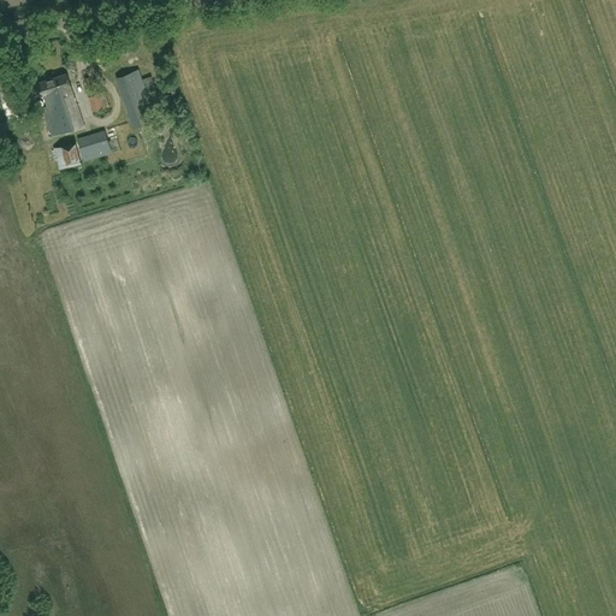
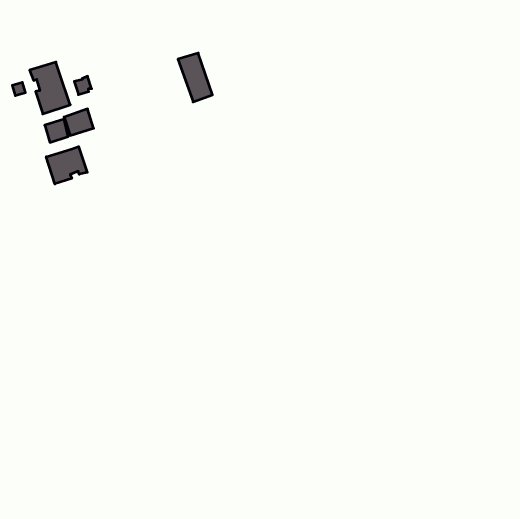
building: [114,71,155,129] -> [178,53,212,102]
building: none -> [46,147,87,184]

